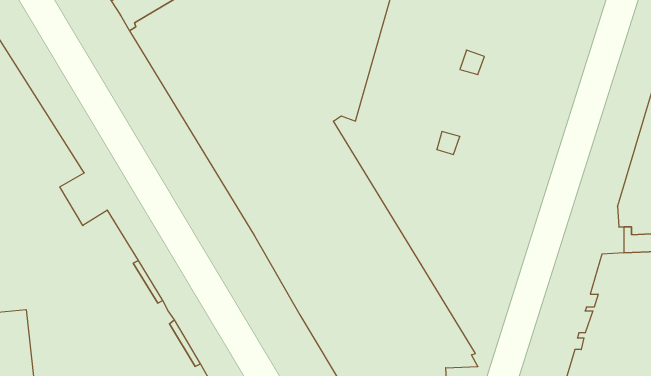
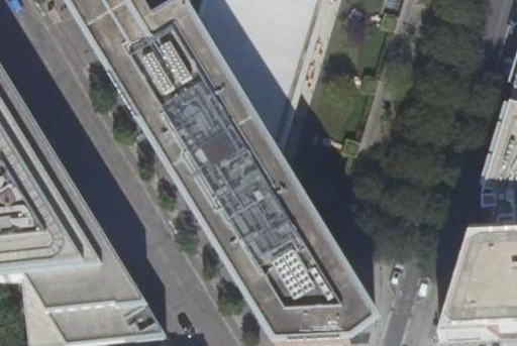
building: none -> [48,168,86,210]

